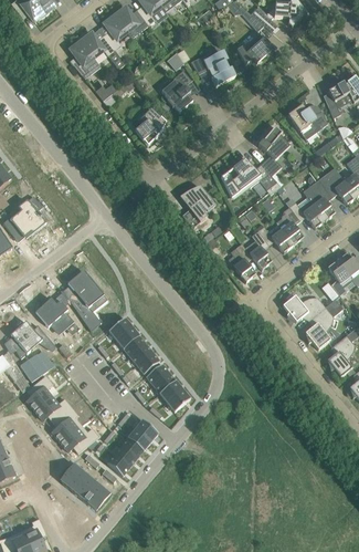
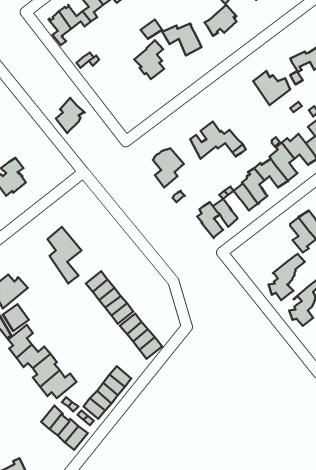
building: [135,107,166,145] -> [56,98,85,133]
building: [257,126,287,176] -> none
building: [282,294,325,321] -> none
building: [35,298,73,332] -> none

